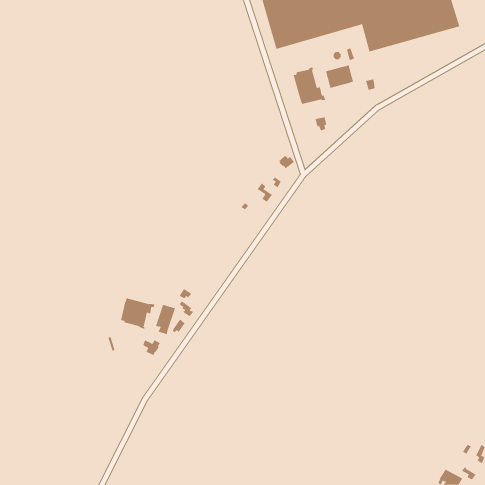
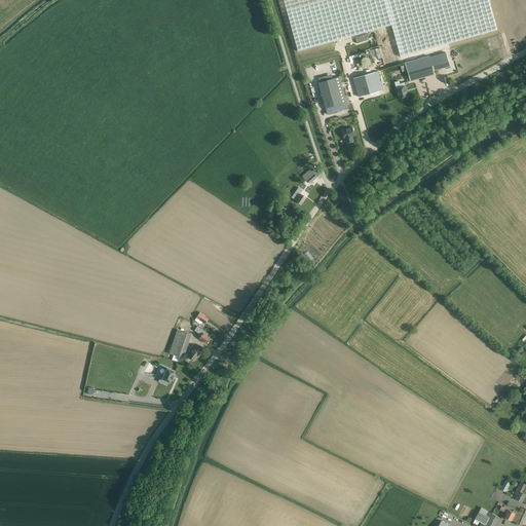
building: none -> [404,51,449,80]
building: [121,298,155,330] -> none

